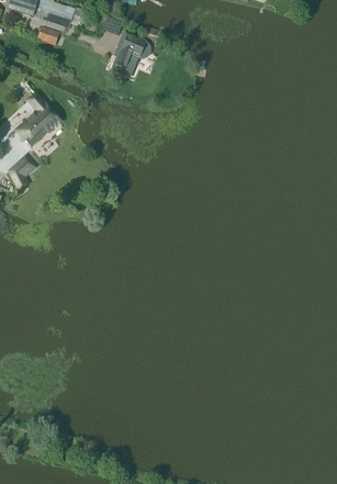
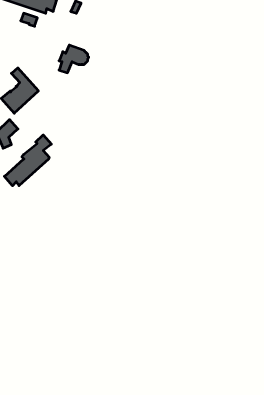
building: [115,35,150,68] -> [59,45,89,73]
building: none -> [4,135,51,186]

